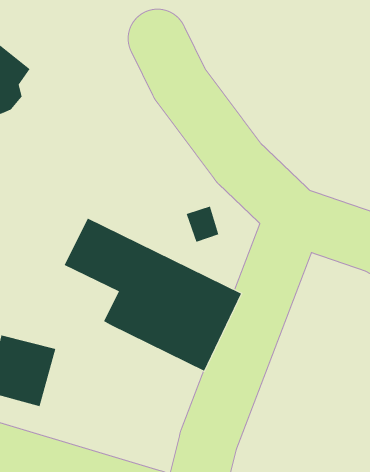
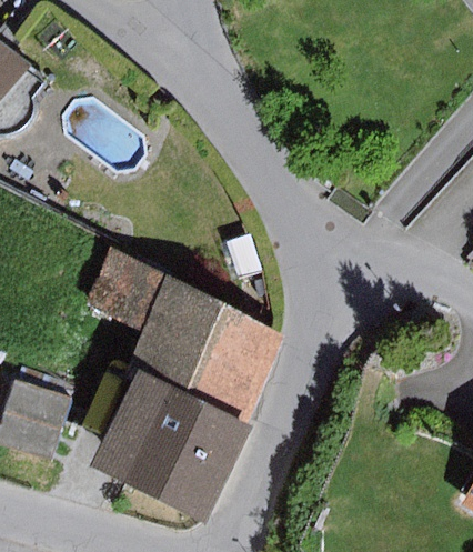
building: none -> [90,369,252,518]

